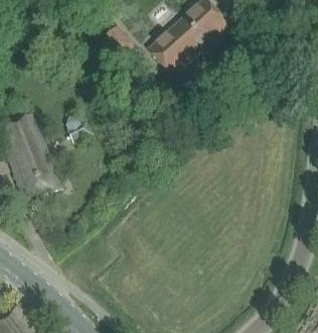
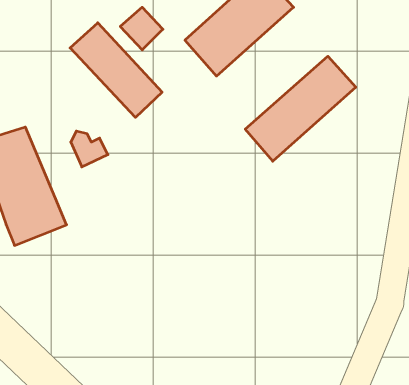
building: none -> [70,23,162,117]
building: none -> [245,56,356,161]

